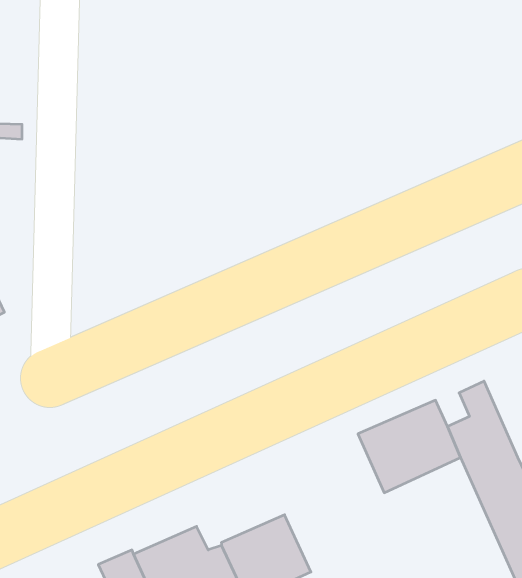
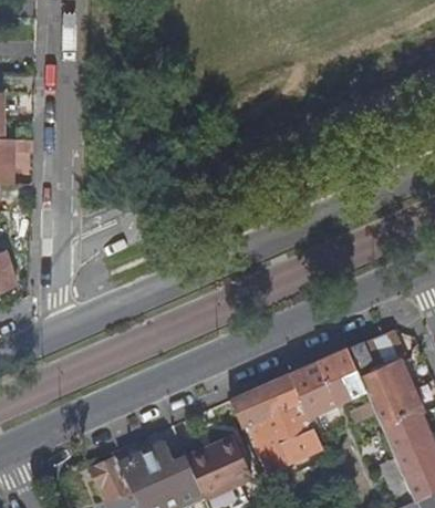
building: none -> [229,373,321,466]

